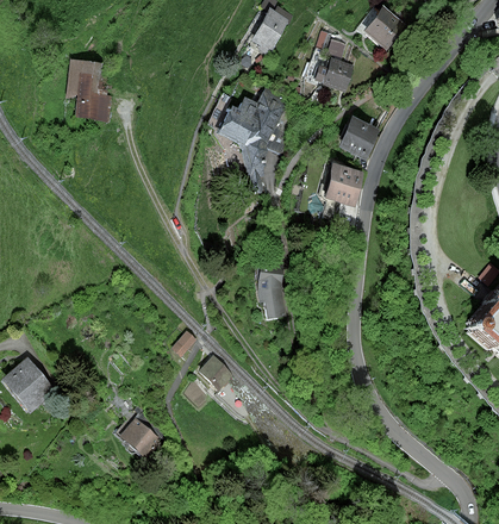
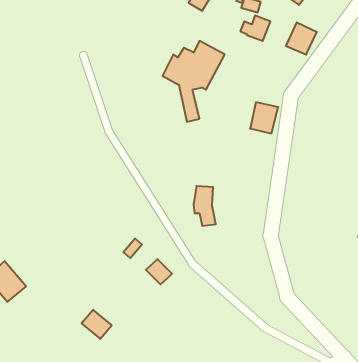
building: [69,58,113,117] -> none
building: [342,116,380,155] -> [286,22,317,55]

